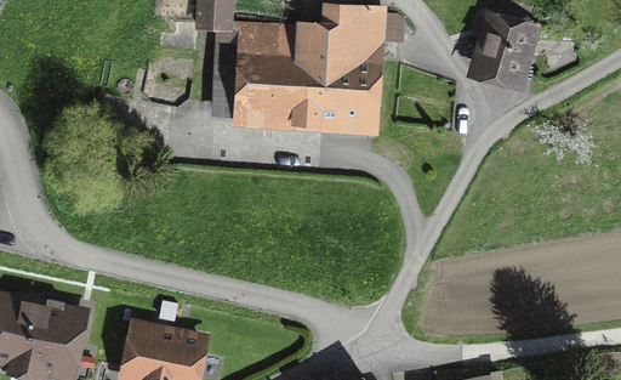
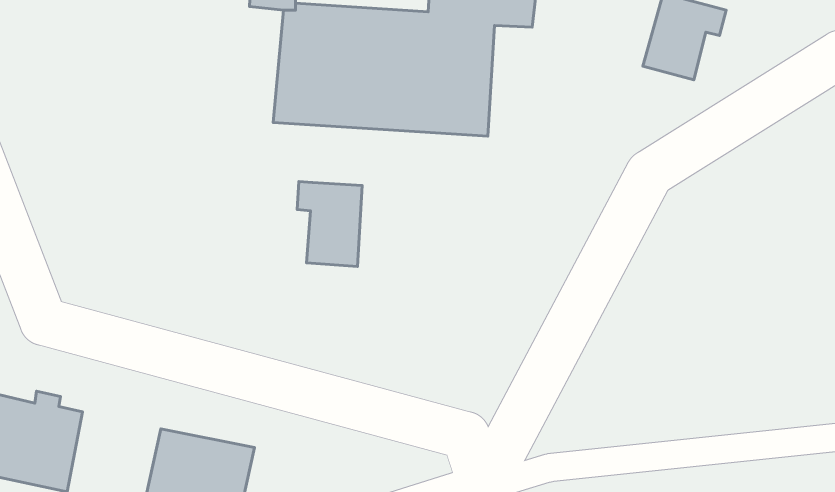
building: none -> [297,181,362,266]

